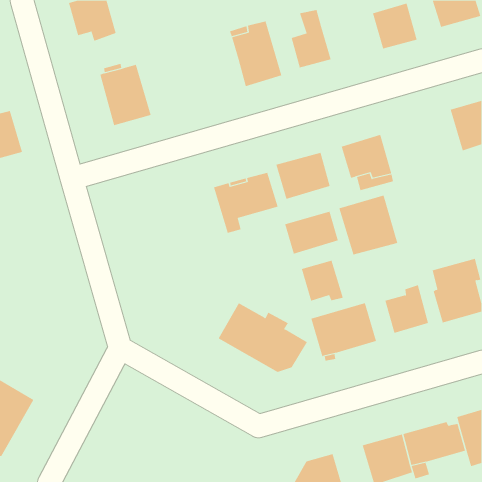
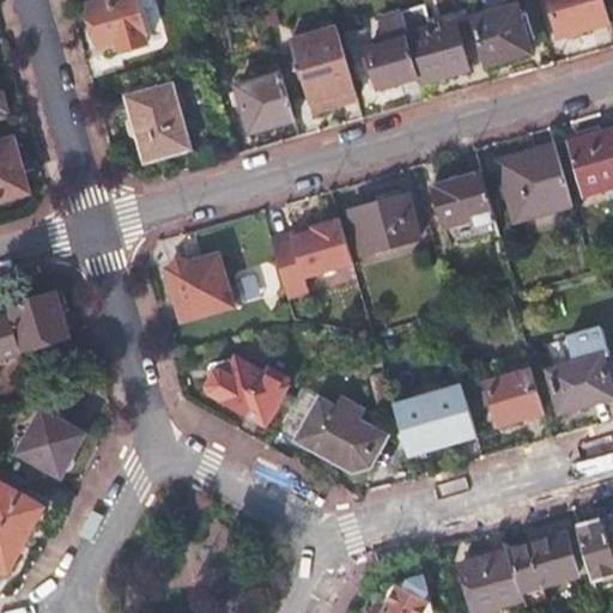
building: none -> [407,20,471,84]
building: none -> [236,73,295,132]
building: [339,195,398,255] -> [496,142,571,219]
building: none -> [165,250,243,322]
building: [284,211,338,255] -> none
building: none -> [8,293,68,352]
building: [301,260,344,301] -> none
building: none -> [200,354,291,426]
building: none -> [19,412,85,478]

